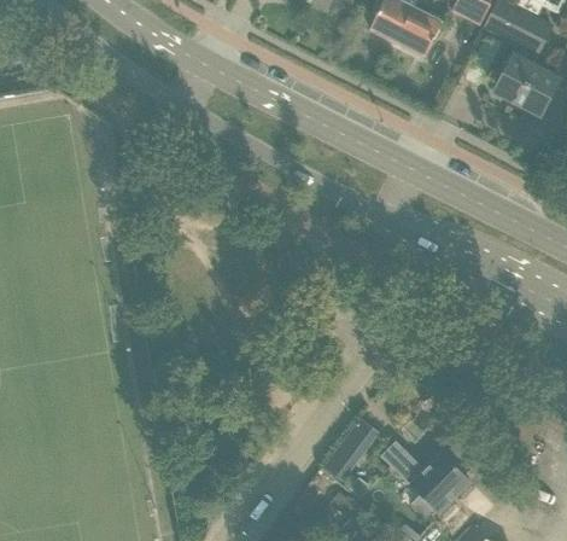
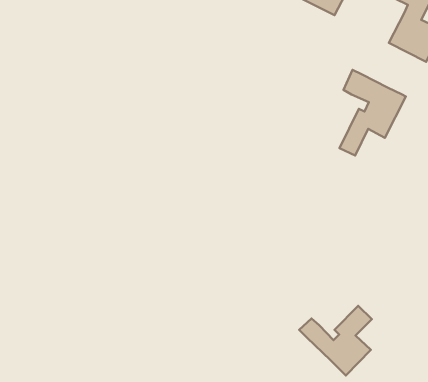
building: none -> [340,70,406,155]
building: [325,418,378,477] -> none

